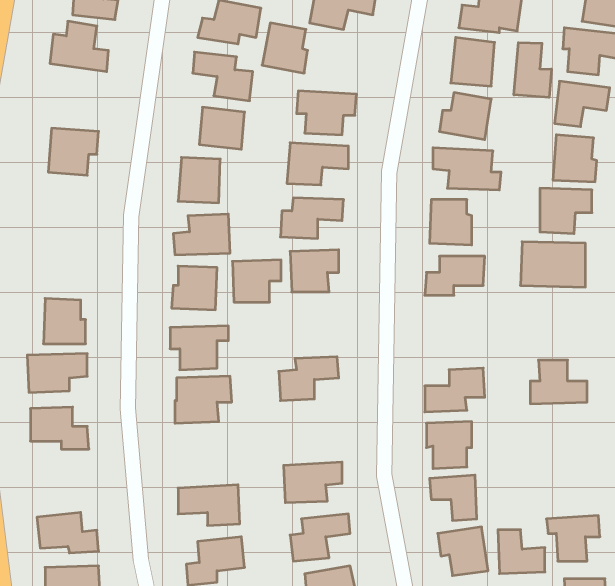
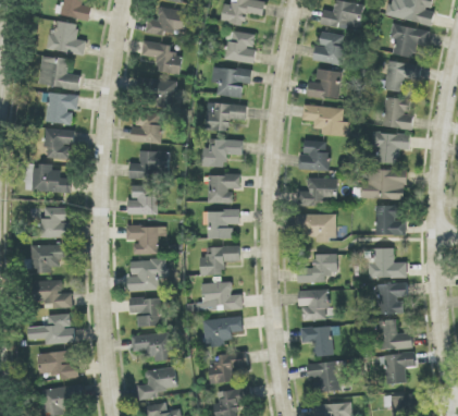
building: [262,23,308,73] -> [225,30,256,64]
building: [514,43,551,97] -> none
building: none -> [38,56,79,89]
building: none -> [44,129,74,159]
building: none -> [32,164,71,193]
building: [232,260,281,302] -> [207,210,239,238]
building: none -> [375,205,405,235]
building: none -> [298,213,335,241]
building: none -> [197,282,242,311]
building: none -> [377,283,407,314]
building: none -> [129,297,162,327]
building: none -> [27,314,74,344]
building: [498,530,545,574] -> [380,320,411,350]

